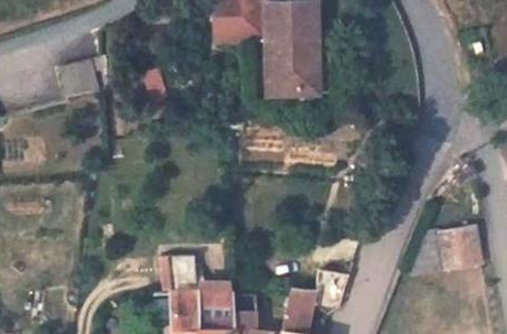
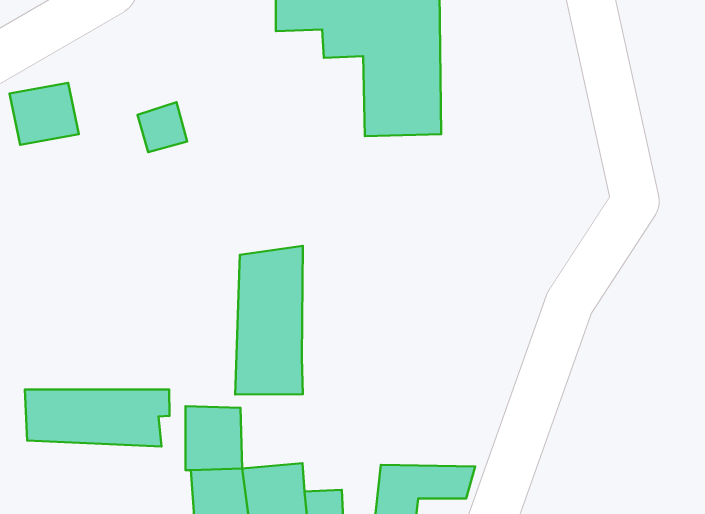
building: none -> [235,246,303,394]
building: [434,239,471,277] -> none
building: none -> [25,389,169,447]

